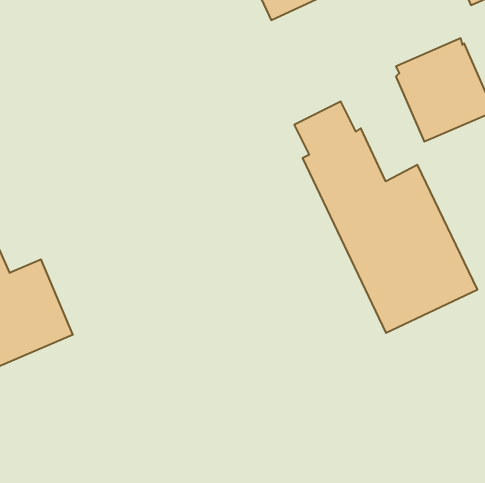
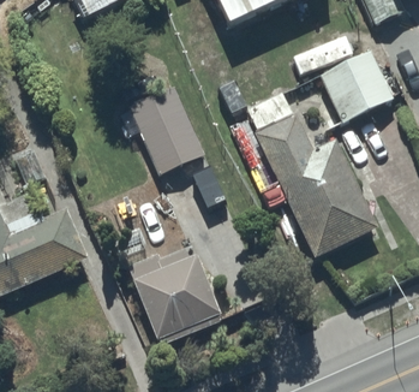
building: none -> [118,81,204,172]
building: none -> [126,245,221,344]

